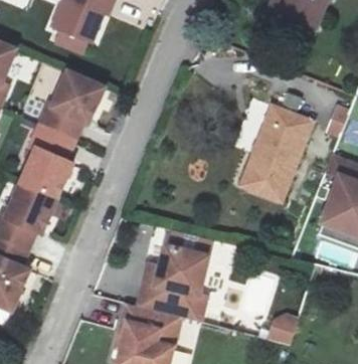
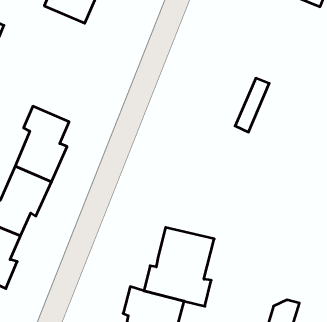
building: [37,73,104,142] -> none
building: [243,112,313,204] -> none

